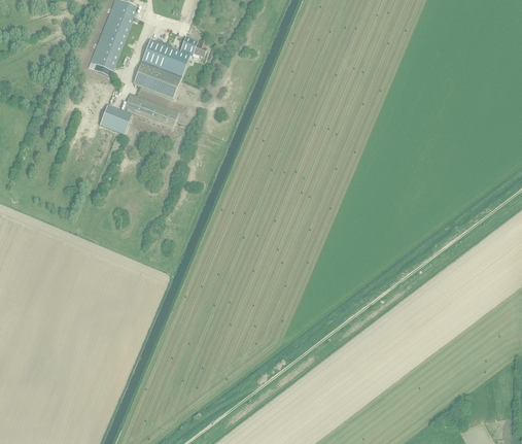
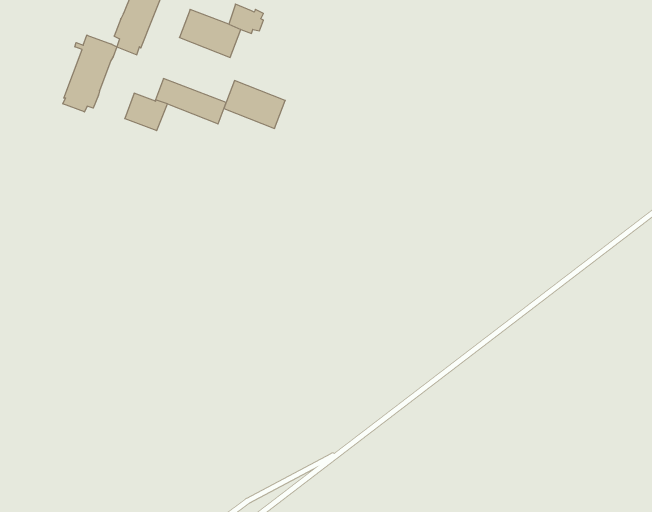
building: none -> [63,35,117,112]
building: [133,61,180,98] -> [224,81,285,128]

